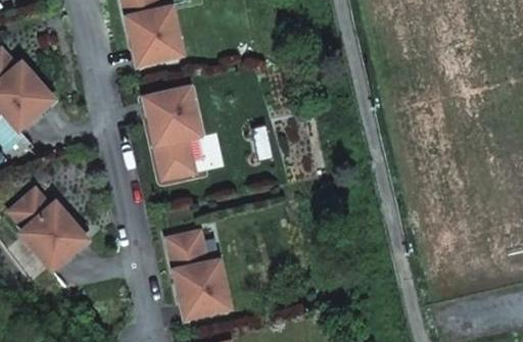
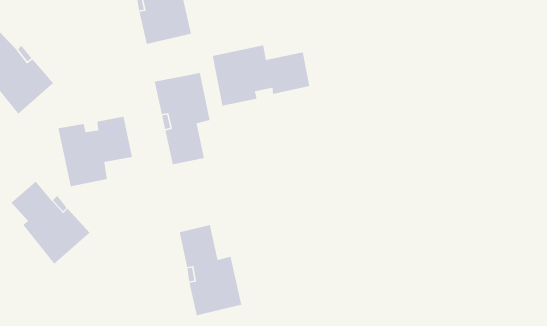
building: none -> [212,45,310,106]
building: none -> [57,116,133,187]

